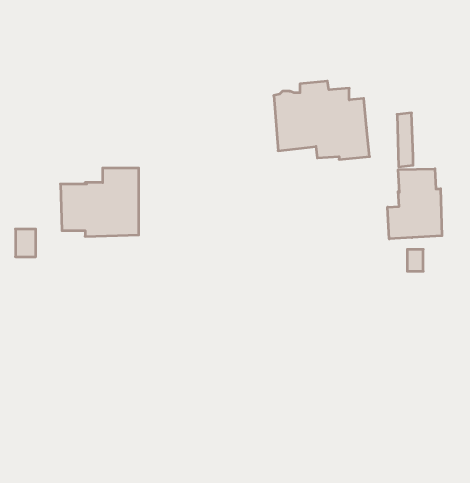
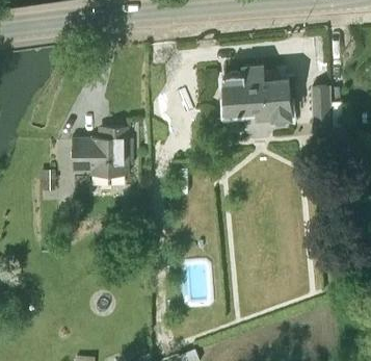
building: [388,169,442,239] -> none

